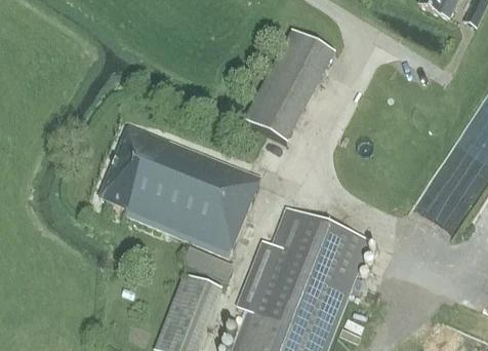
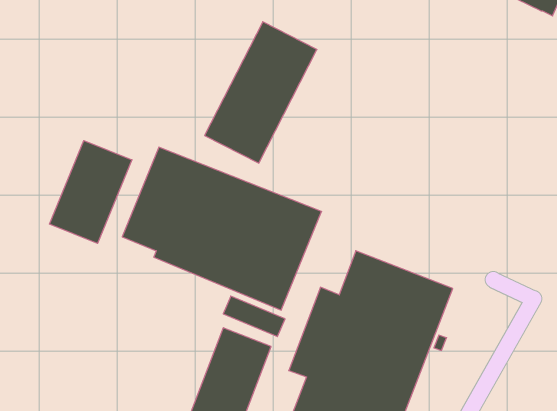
building: [244,27,335,142] -> [205,22,317,163]
building: none -> [49,141,132,243]

